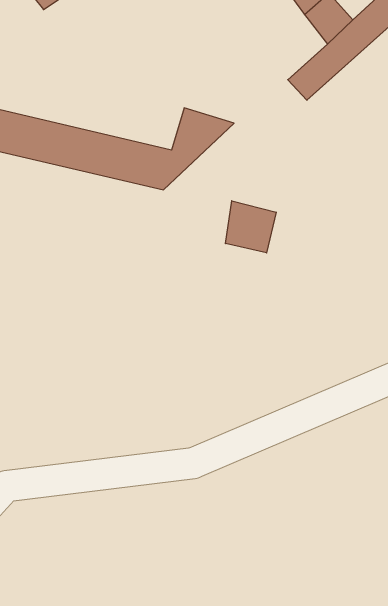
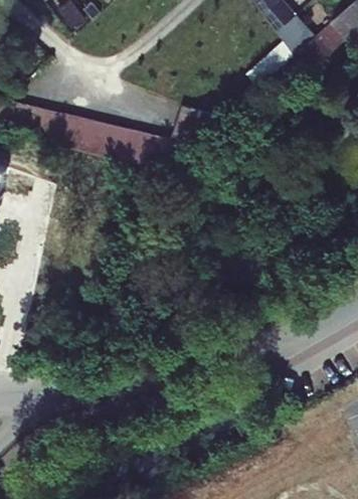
building: [225,201,276,253] -> none

